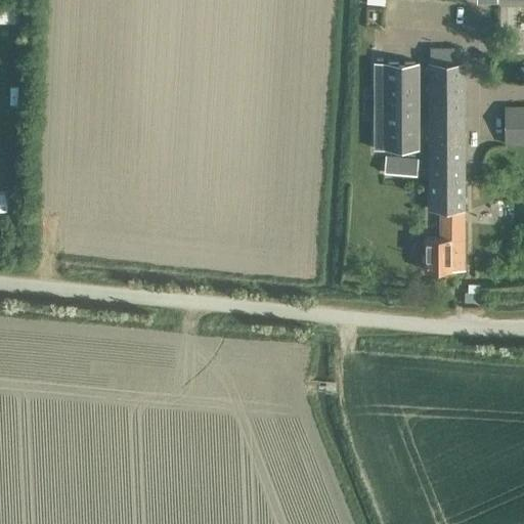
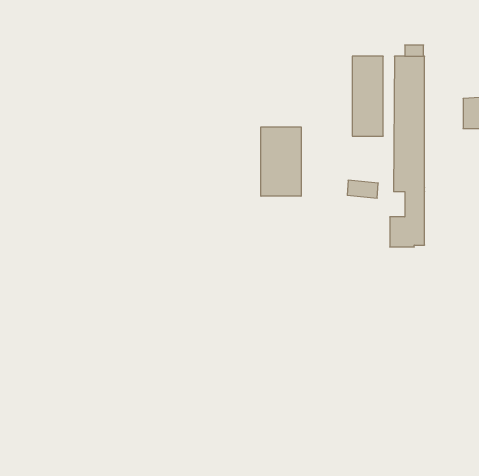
building: none -> [261,127,301,196]
building: [385,159,419,178] -> [347,180,378,198]

